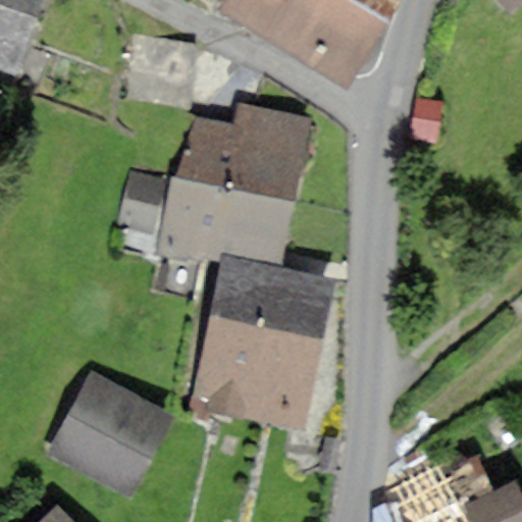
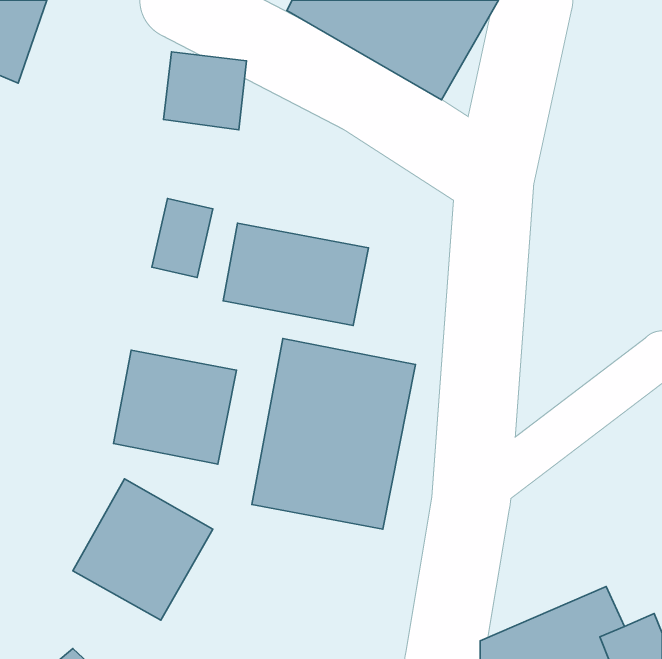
building: [187,112,303,198] -> none
building: none -> [114,350,236,464]

